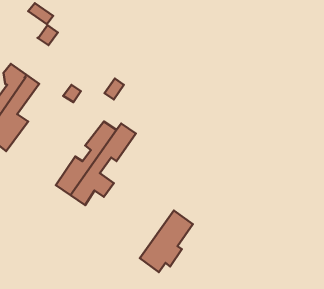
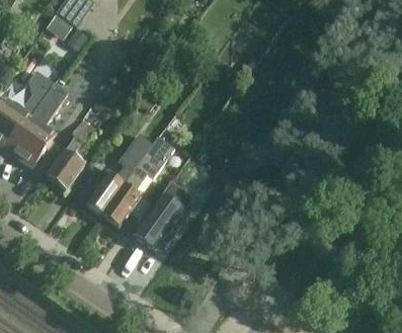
building: none -> [46,106,104,190]
building: [140,210,193,272] -> [134,182,192,250]

